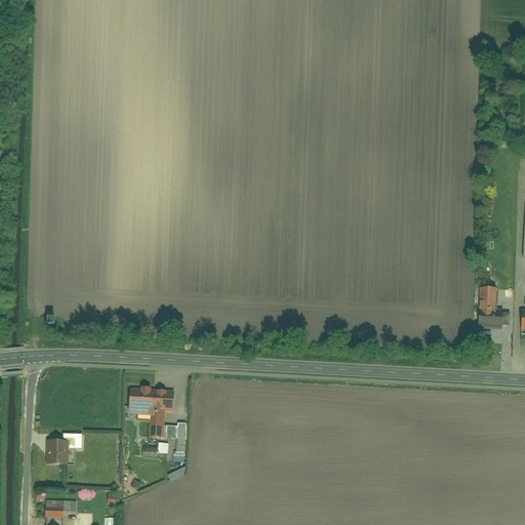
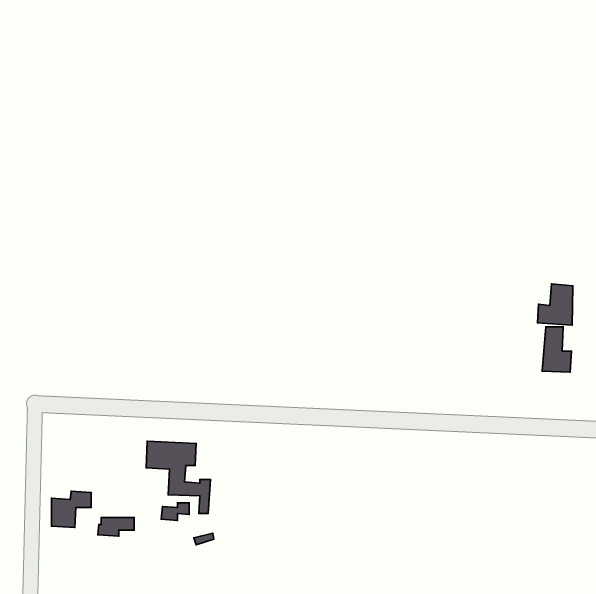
building: none -> [537,284,573,325]
building: [44,499,76,516] -> [98,517,134,536]

